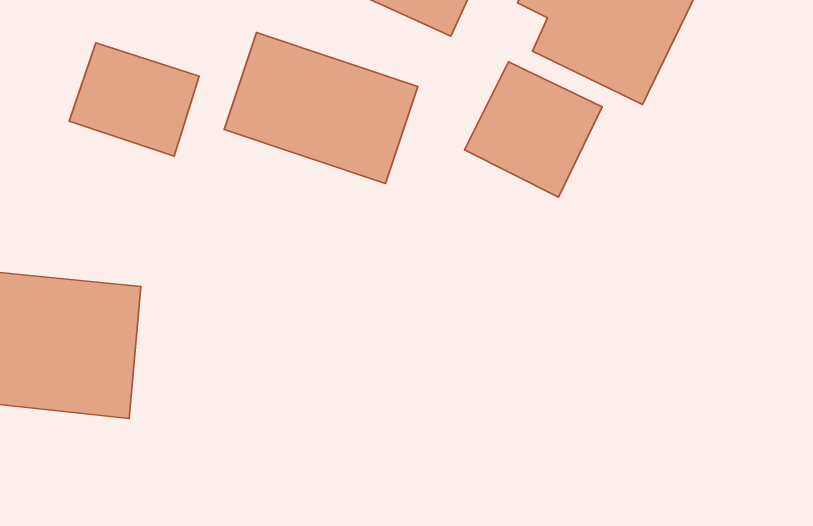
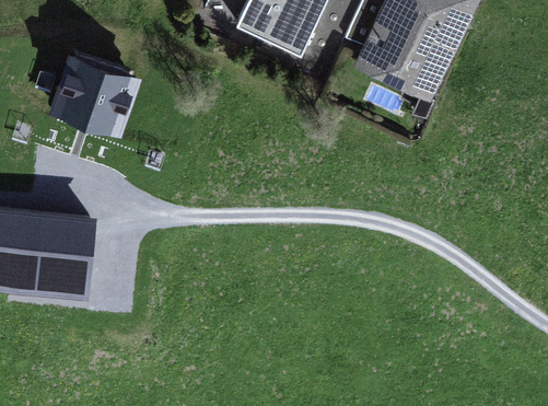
building: [224,33,418,183] -> none
building: [464,62,602,197] -> none

